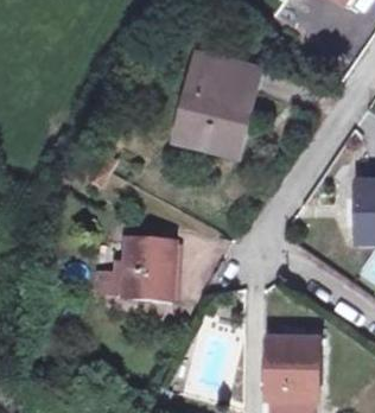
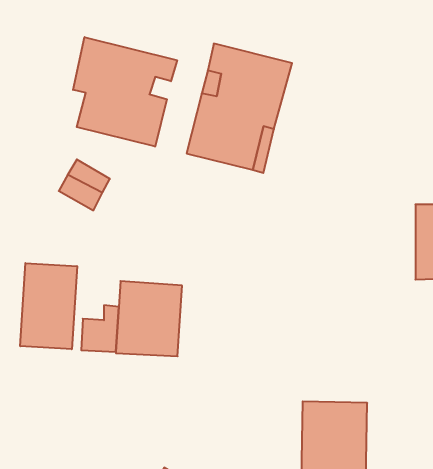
building: none -> [73,37,177,147]
building: none -> [20,263,77,349]

